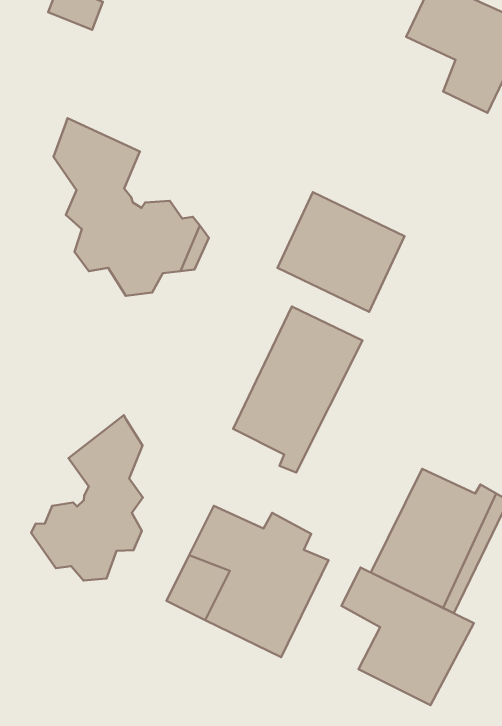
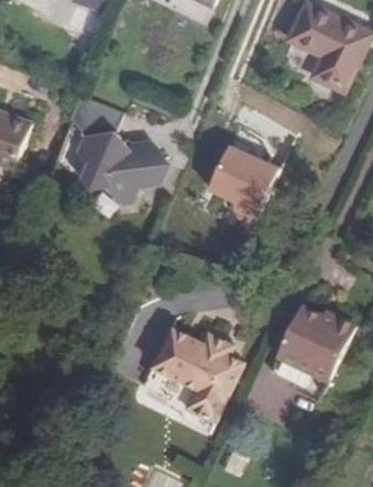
building: [233,306,362,472] -> none
building: [31,415,143,581] -> none
building: [342,567,474,705] -> none

